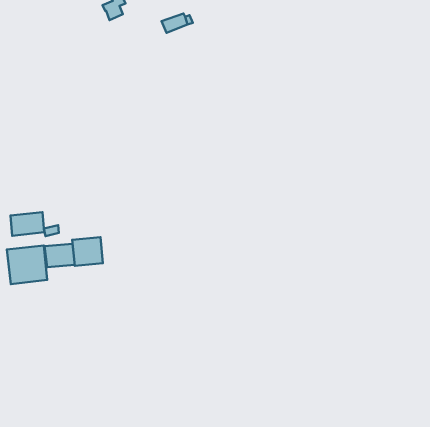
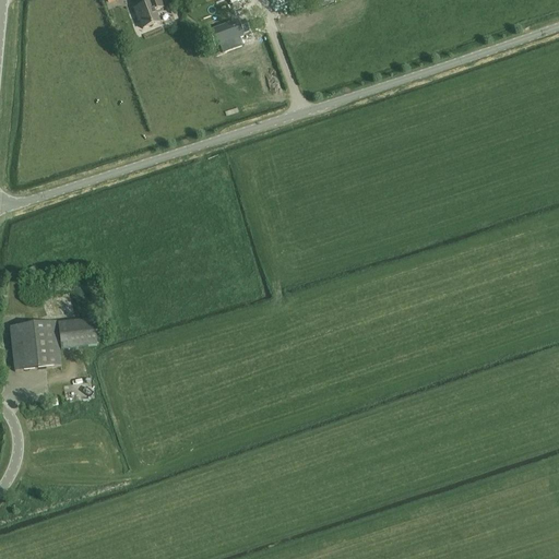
building: [11,212,44,236] -> none
building: [72,237,103,266] -> none

